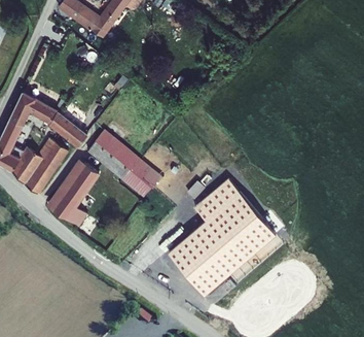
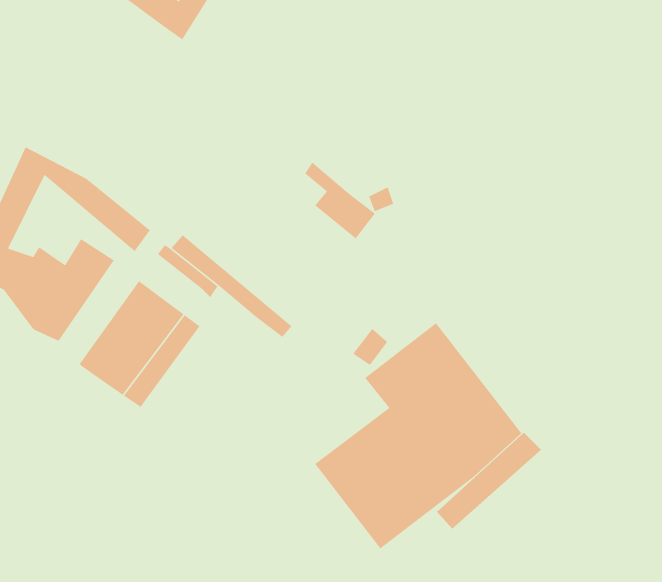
building: [115,162,152,202] -> [304,162,376,239]

